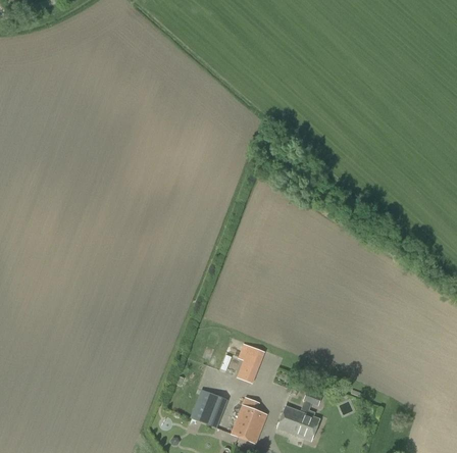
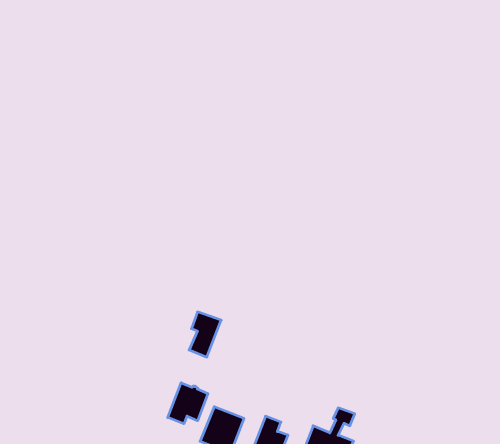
building: [237,344,264,383] -> [189,312,221,357]
building: none -> [168,383,208,424]

